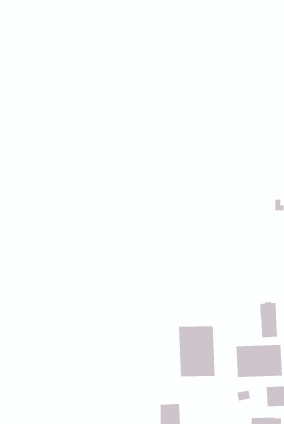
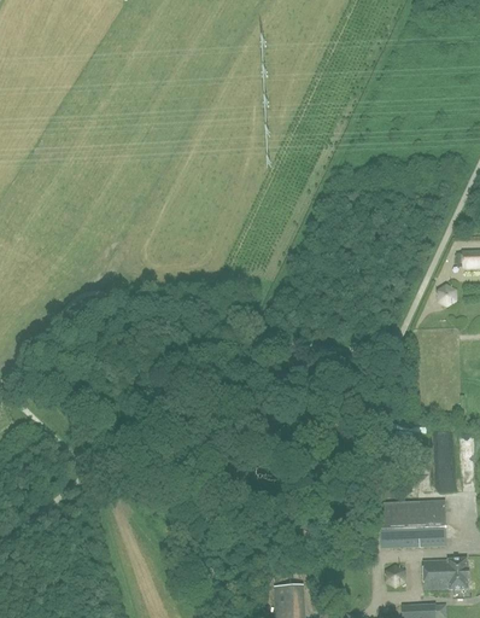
building: [260,301,277,338] -> none
building: [179,325,215,377] -> none

